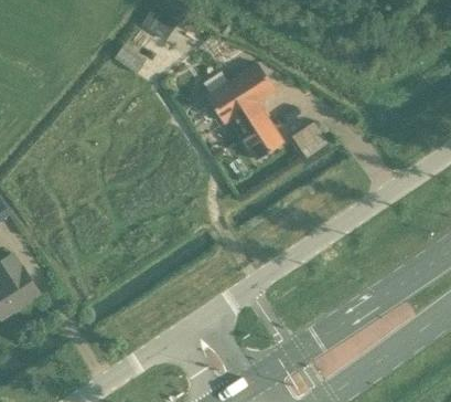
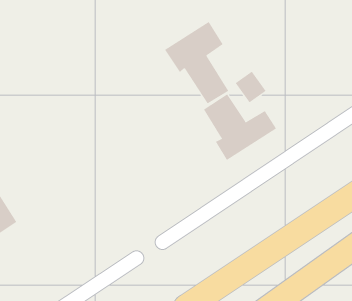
building: none -> [203,93,277,161]

